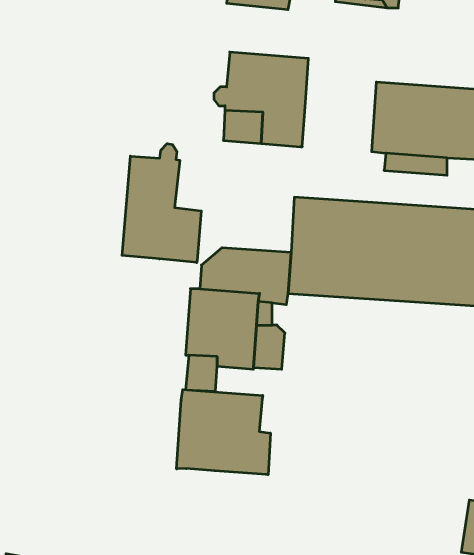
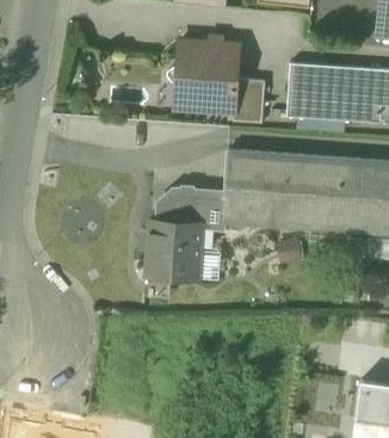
building: none -> [231,79,265,123]
building: [122,144,201,263] -> none
building: [177,390,270,475] -> none

